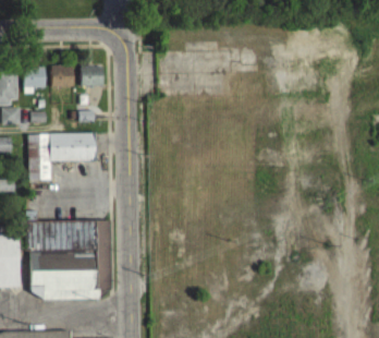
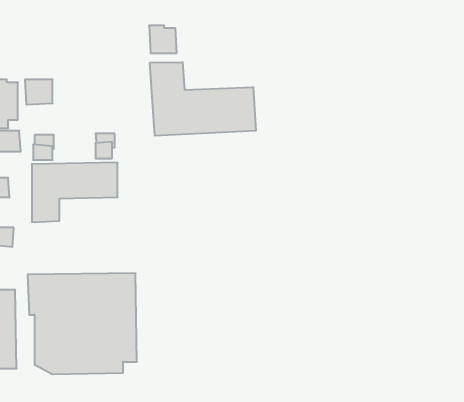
building: none -> [150,62,256,136]
building: [81,64,102,86] -> [149,25,177,53]
building: [51,65,73,87] -> none

